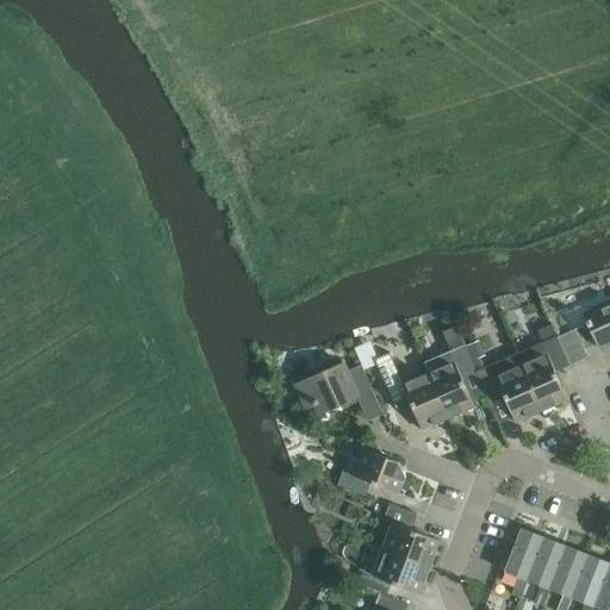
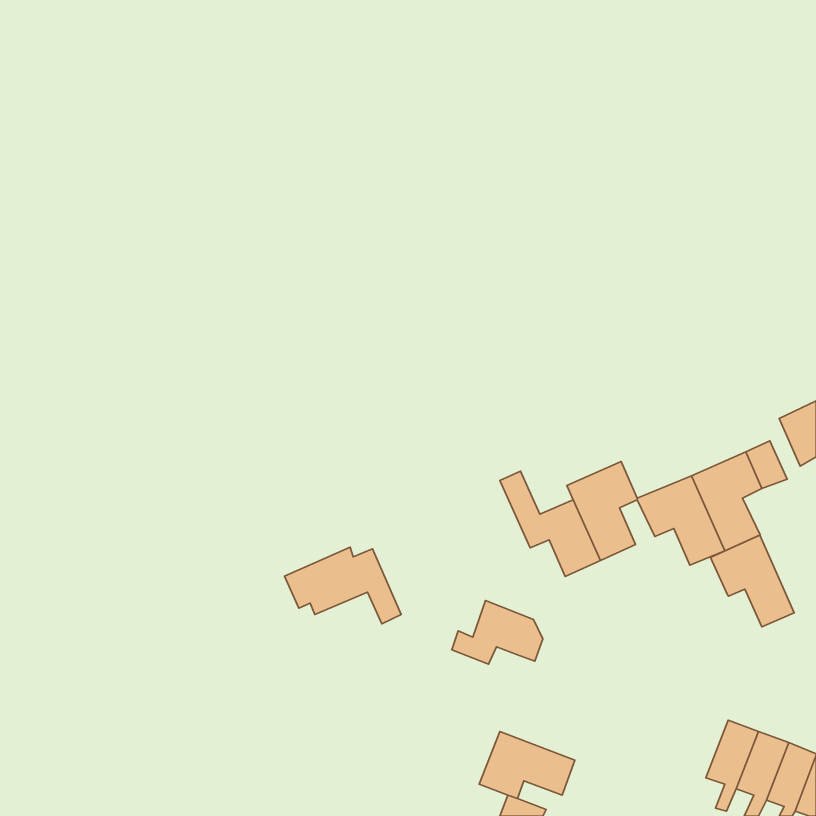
building: [295,363,382,421] -> [285,547,401,624]
building: none -> [710,535,794,627]
building: [373,505,440,567] -> none
building: [504,528,543,597] -> none

